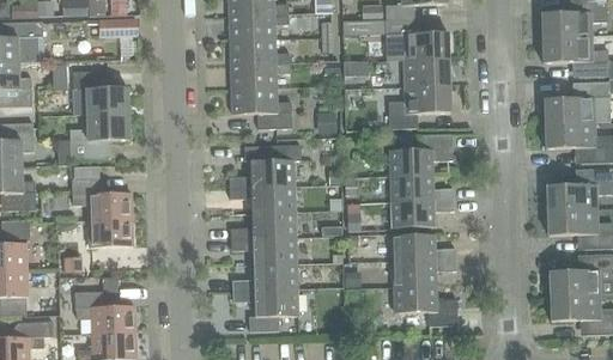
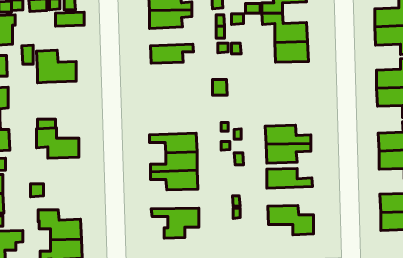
building: [229,38,289,65] -> none
building: [387,86,449,128] -> none
building: [231,87,291,129] -> none
building: [68,114,128,158] -> none
building: [389,134,451,176] -> none
building: [229,145,301,188] -> none
building: [87,219,132,248] -> none
building: [392,260,455,287] -> none
building: [231,263,297,291] -> none

